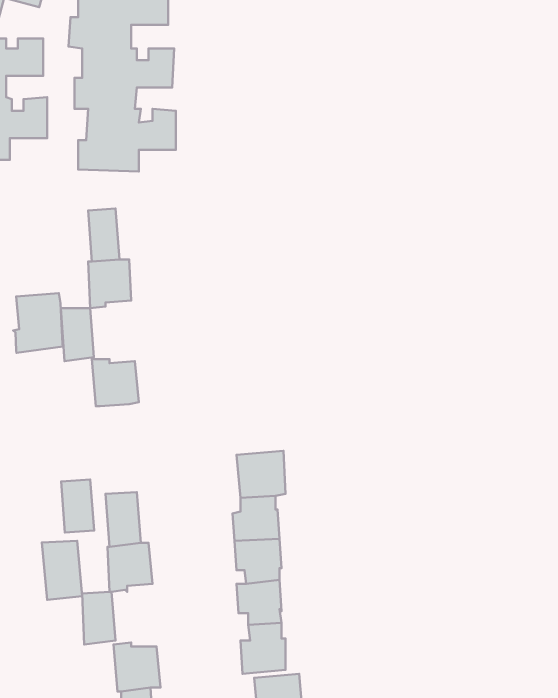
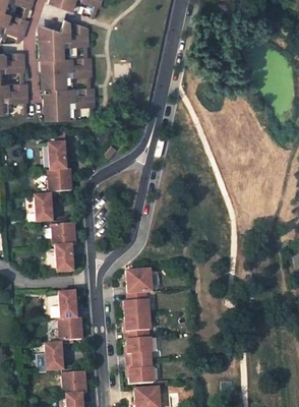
building: [13,293,63,353] -> none
building: [61,480,94,532] -> [55,245,72,273]
building: [42,541,82,600] -> none

